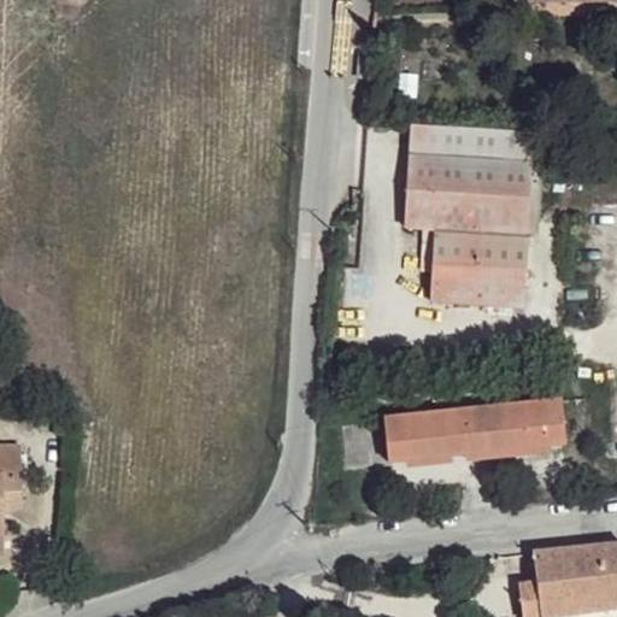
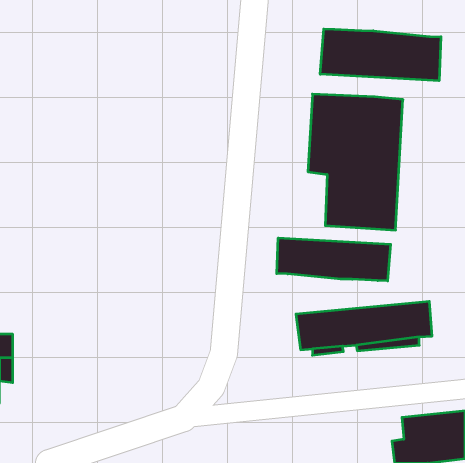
building: none -> [320,29,441,81]
building: none -> [277,238,391,281]

